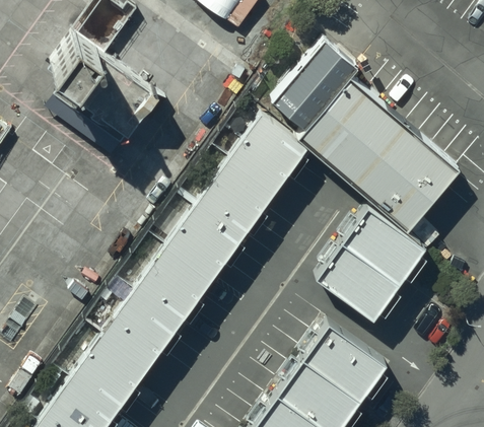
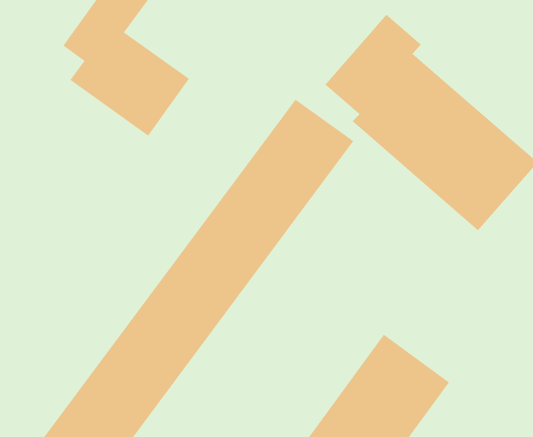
building: [320,207,432,325] -> none

